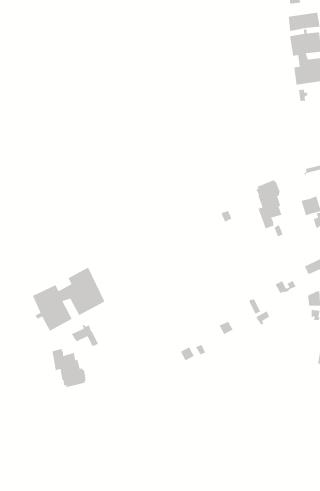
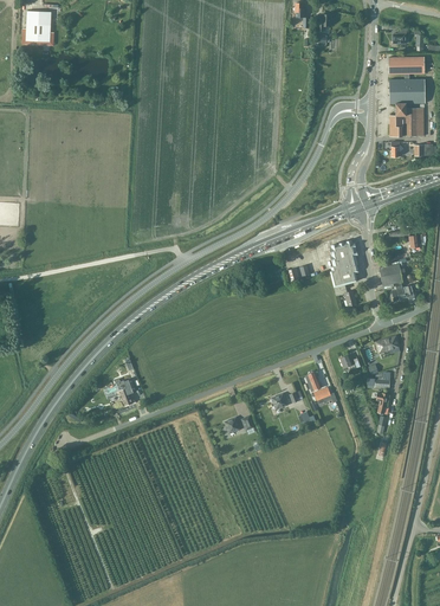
building: [32,267,106,332] -> none
building: [51,347,87,388] -> none

